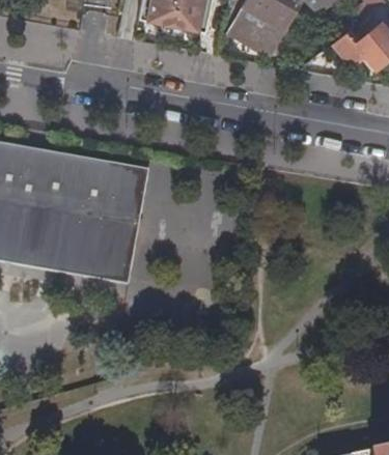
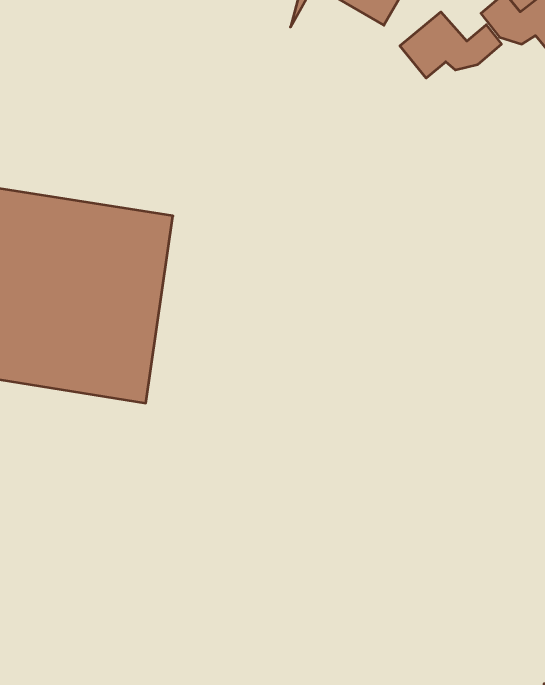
building: none -> [400,12,501,78]

